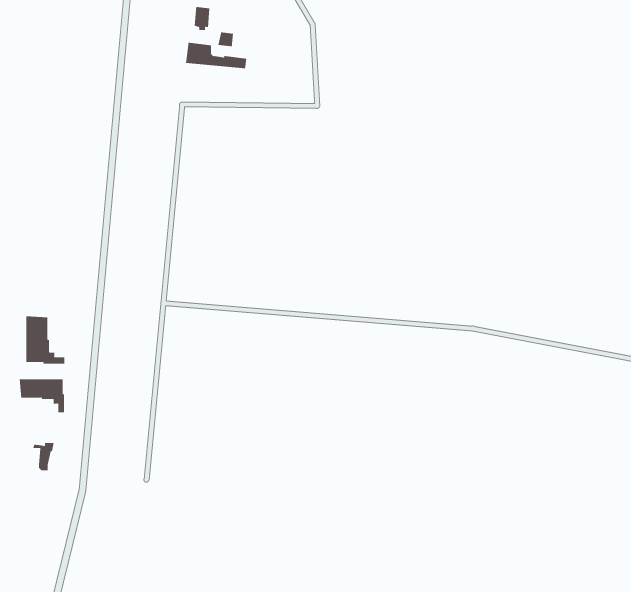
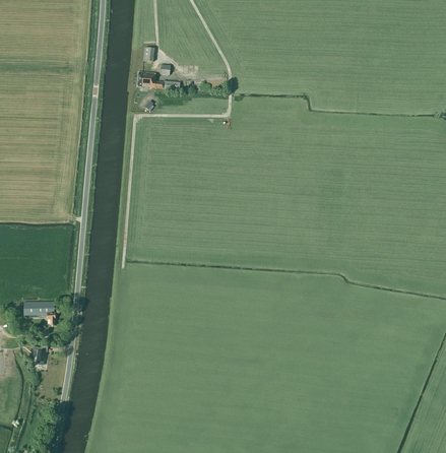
building: [26,315,65,364] -> none

